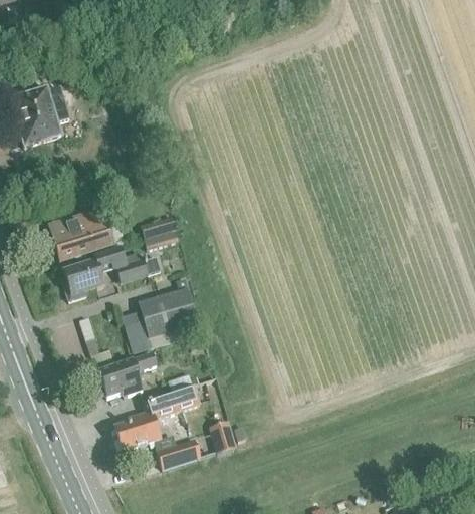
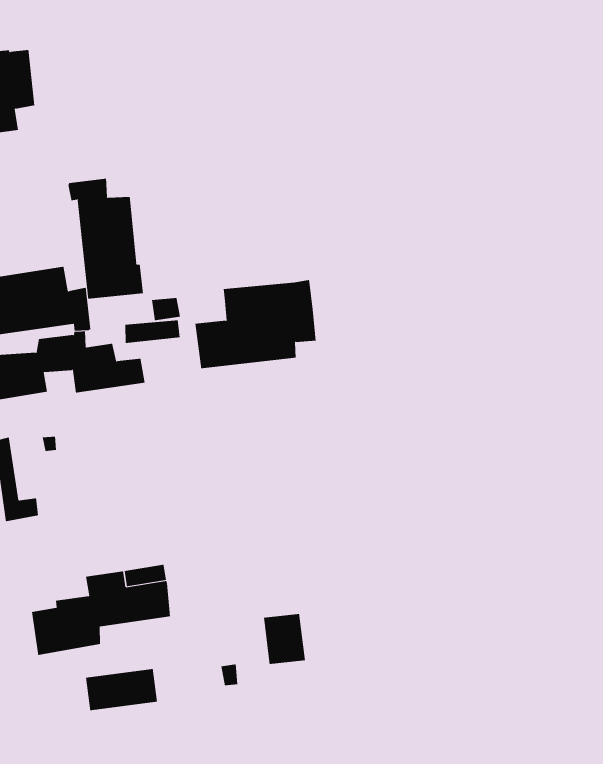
building: none -> [68,178,144,299]
building: [124,288,197,351] -> [195,280,317,369]
building: [99,354,156,397] -> none
building: [207,421,236,454] -> [263,613,306,665]

